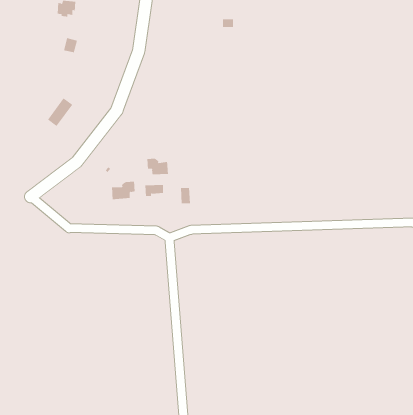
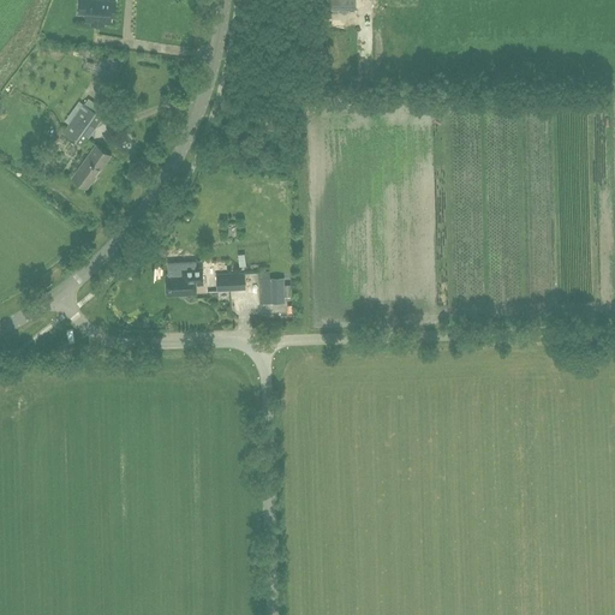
building: none -> [60,105,100,145]
building: [147,158,168,175] -> none

